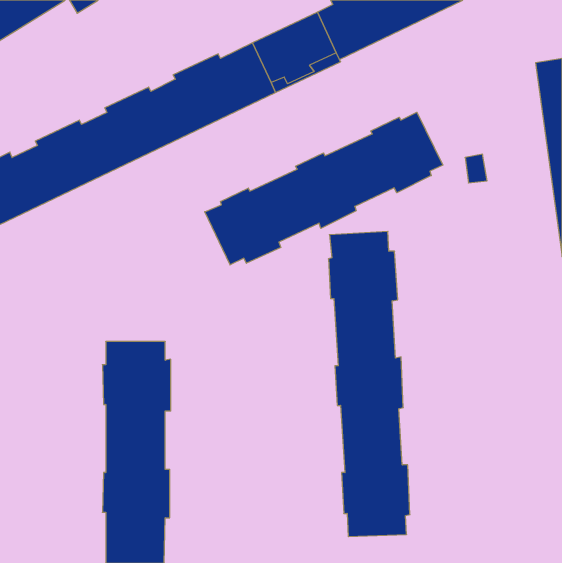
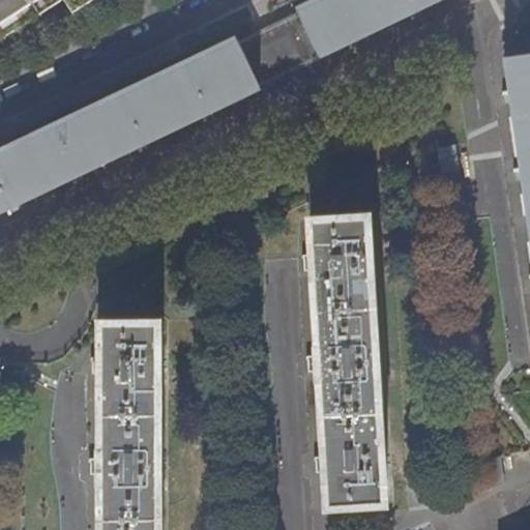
building: [205,112,443,265] -> none

